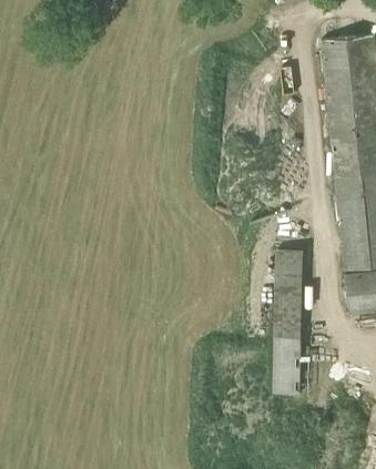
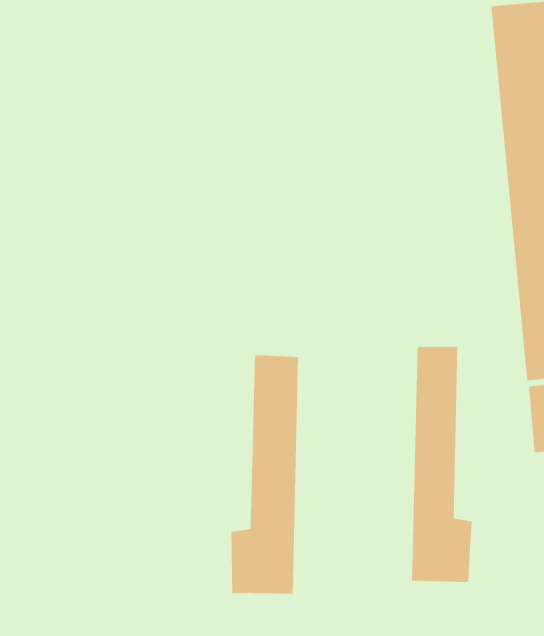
building: none -> [231,355,298,594]

